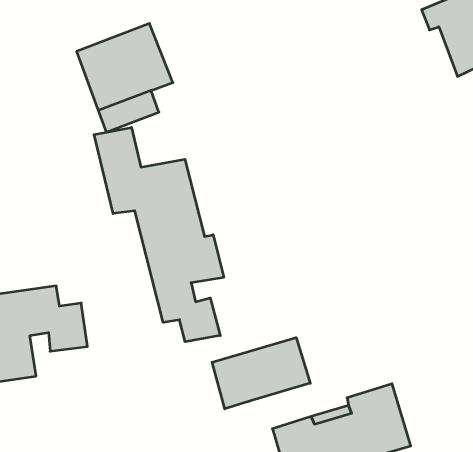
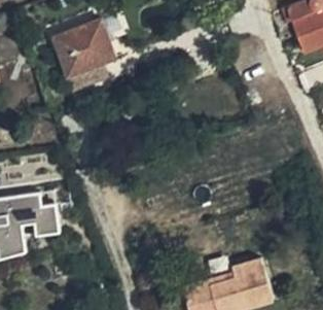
building: [94,127,224,342] -> none
building: [212,338,310,409] -> none

